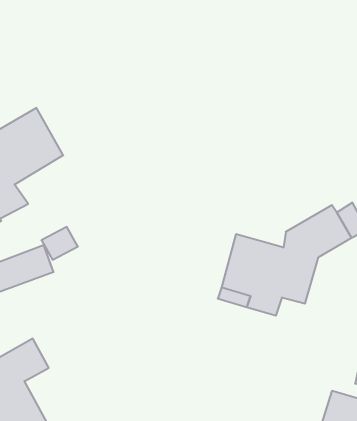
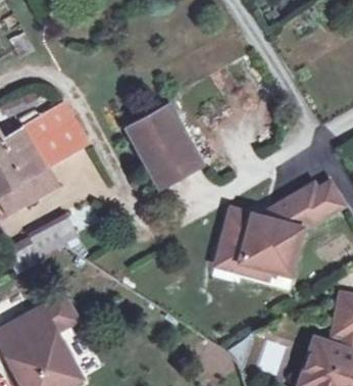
building: none -> [129,105,201,187]

